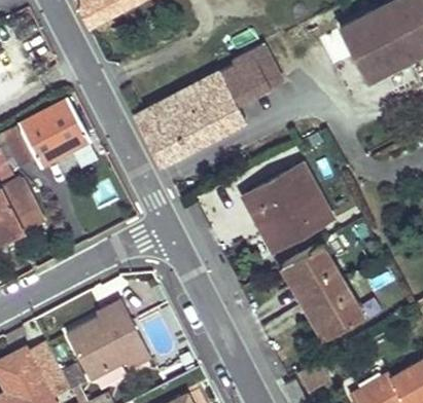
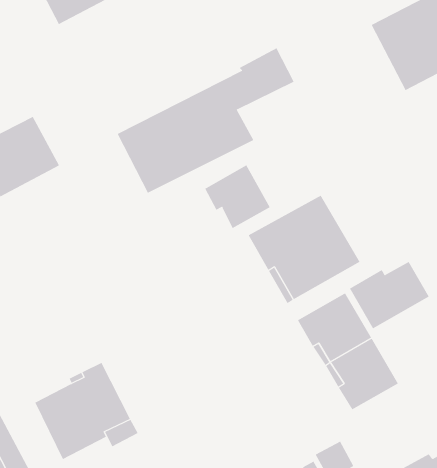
building: none -> [204,164,271,229]
building: none -> [349,261,430,329]

